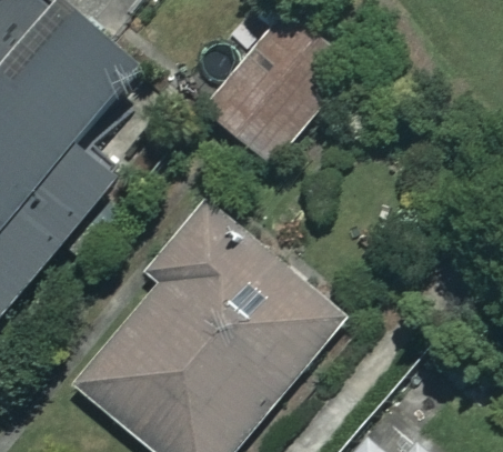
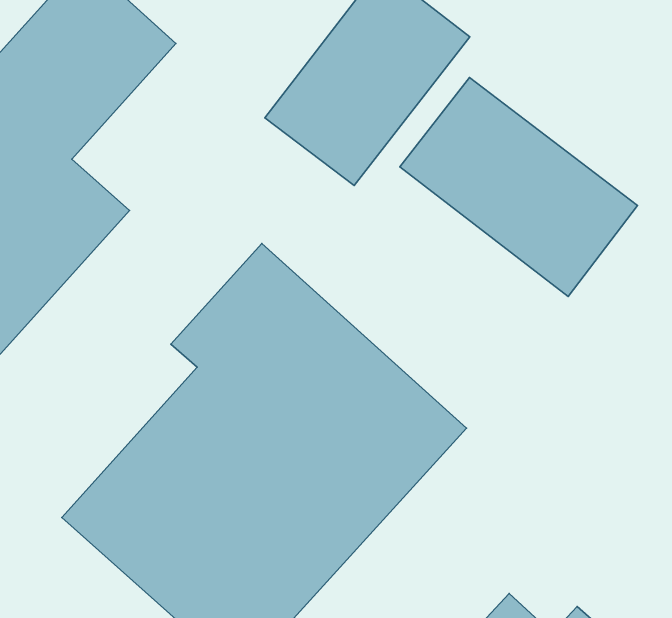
building: none -> [400,77,637,296]

